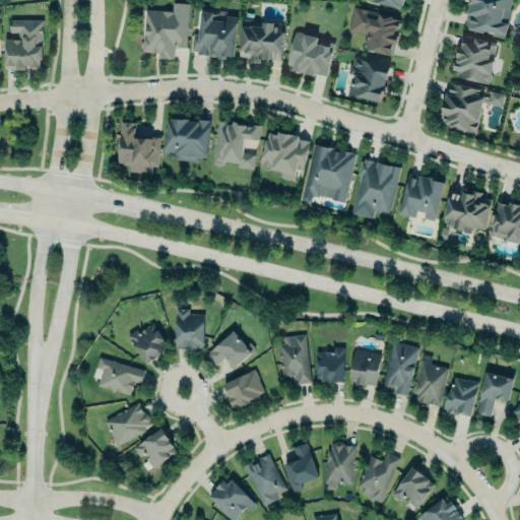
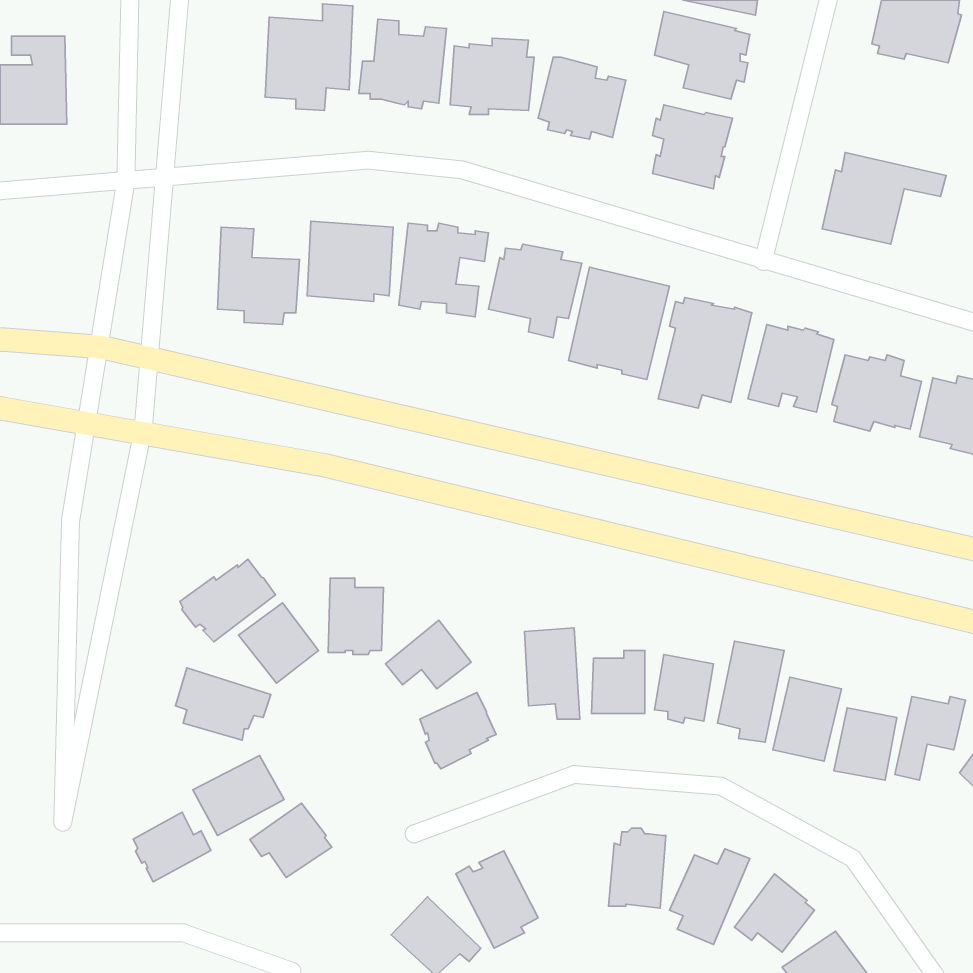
building: [453,36,497,83] -> none
building: none -> [180,559,276,642]
building: none -> [133,812,211,882]
building: [285,443,320,491] -> none

